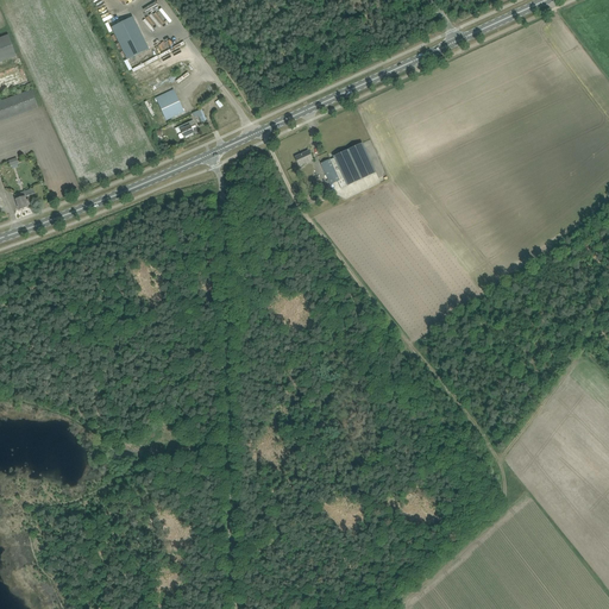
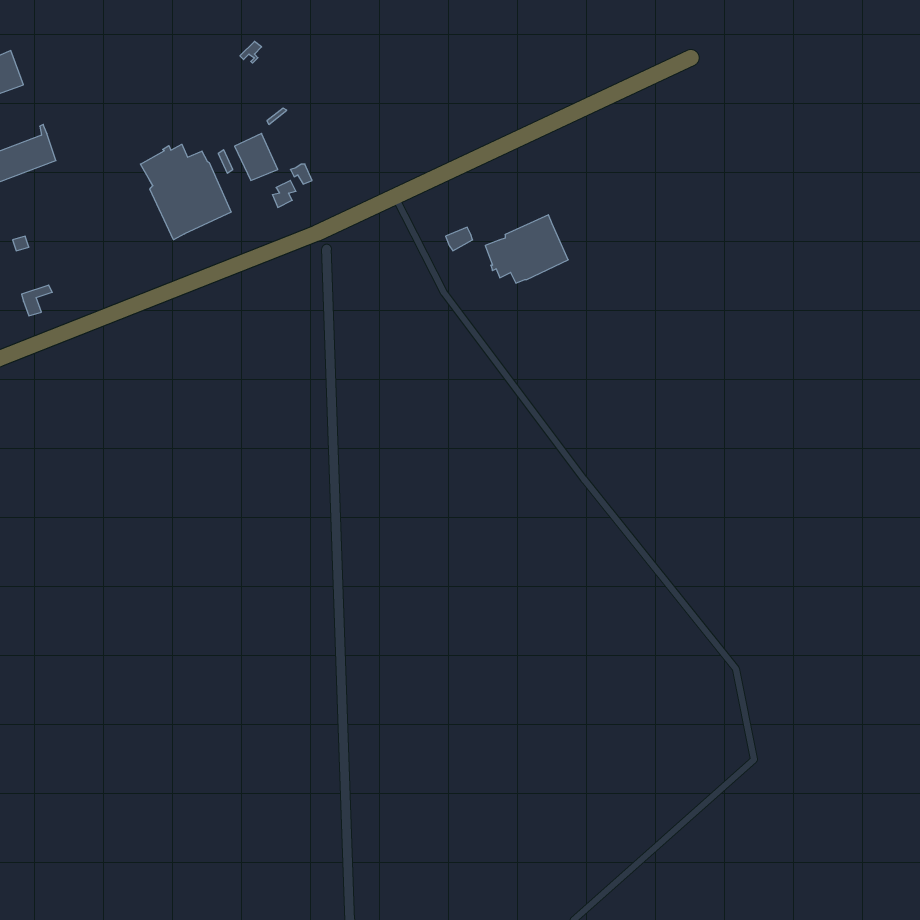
building: [111,15,149,58] -> none
building: none -> [140,144,231,240]

